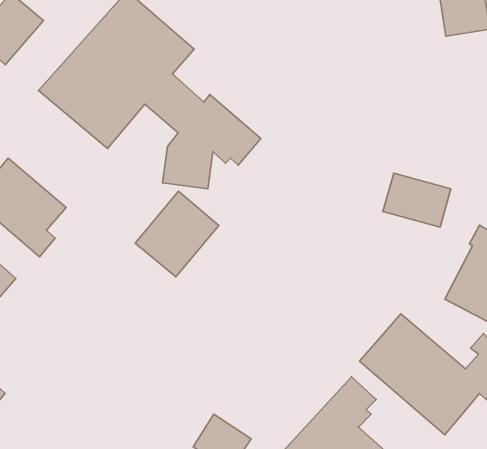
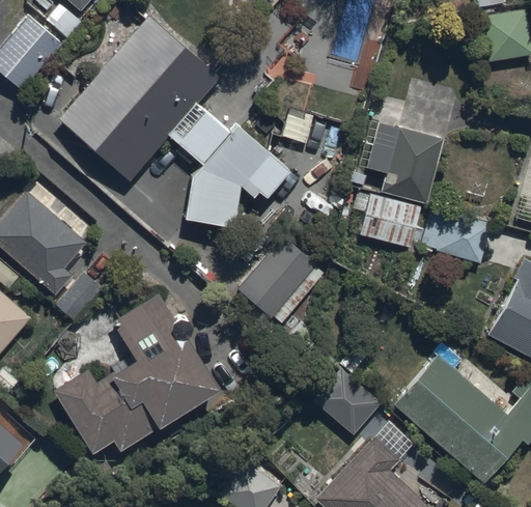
building: none -> [366,121,444,202]
building: none -> [359,194,421,249]
building: [135,191,219,277] -> [237,235,326,326]
building: none -> [54,294,221,453]
building: none -> [309,365,381,435]

